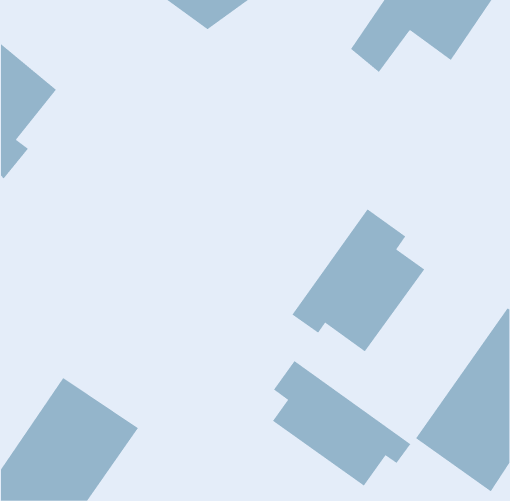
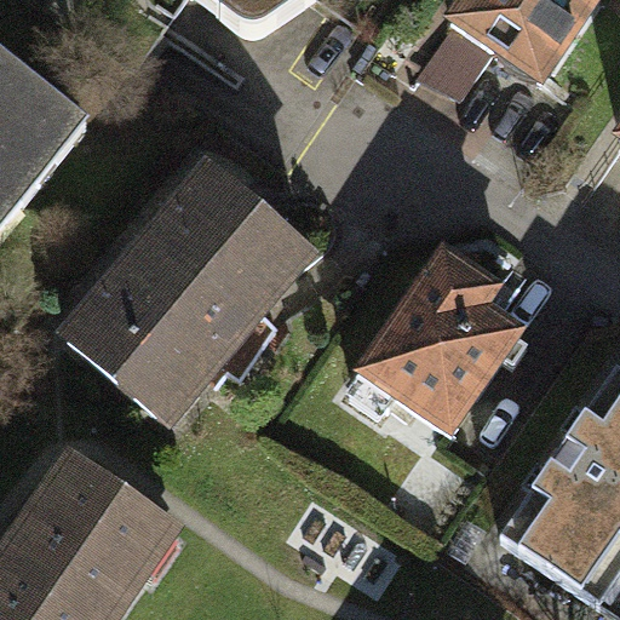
building: none -> [74,173,305,403]
building: [272,360,411,487] -> none

